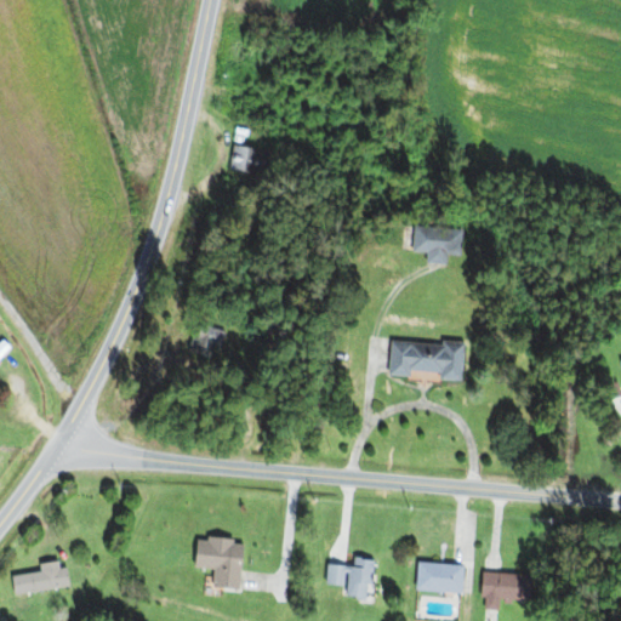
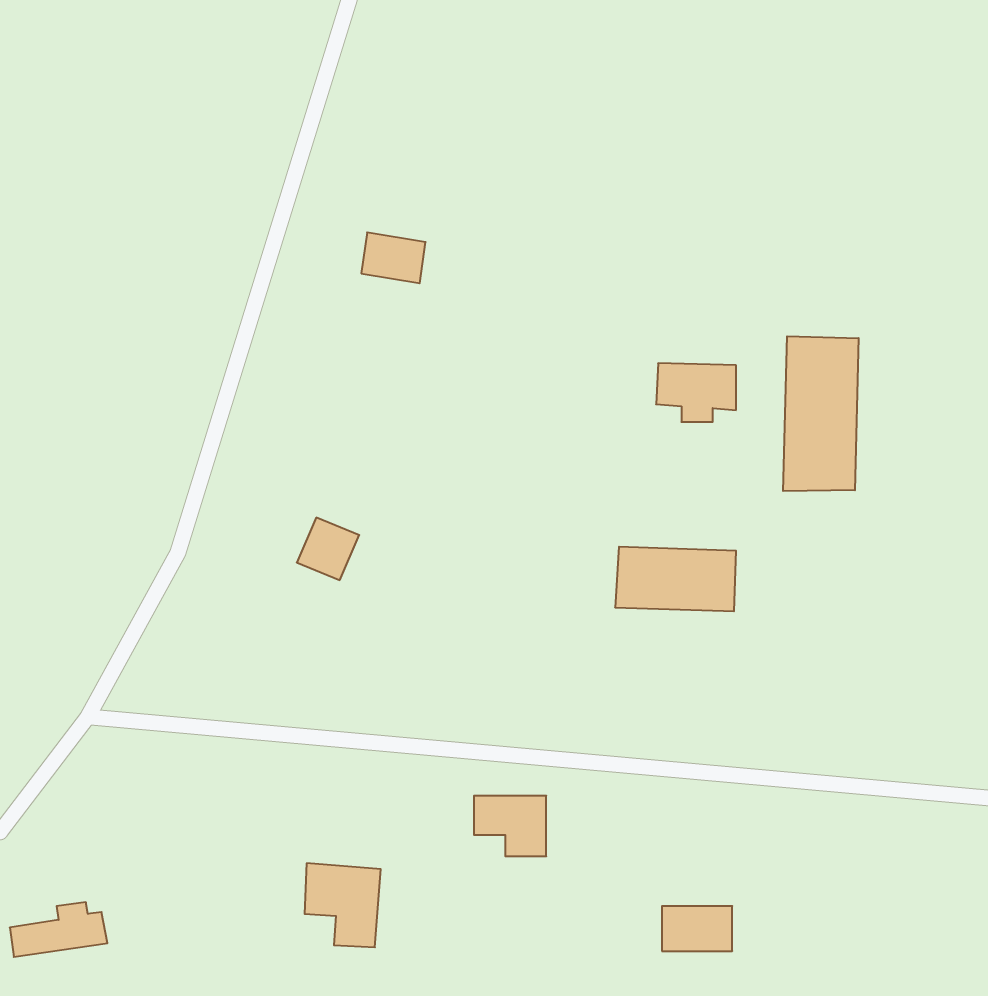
building: none -> [783,336,859,491]
building: [327,560,372,598] -> [474,796,546,856]
building: [482,572,530,610] -> none

